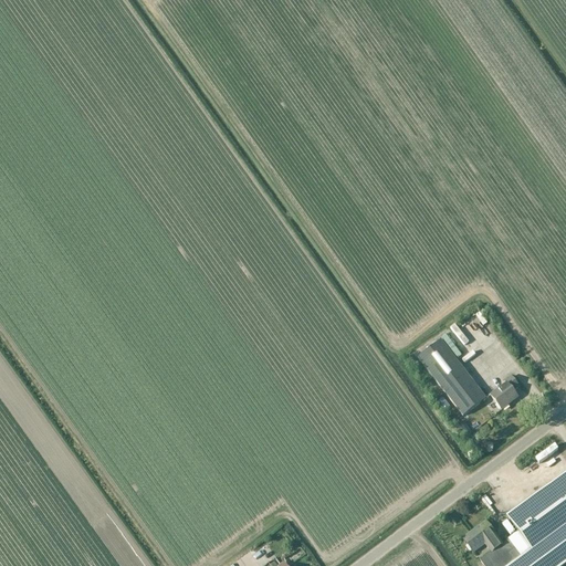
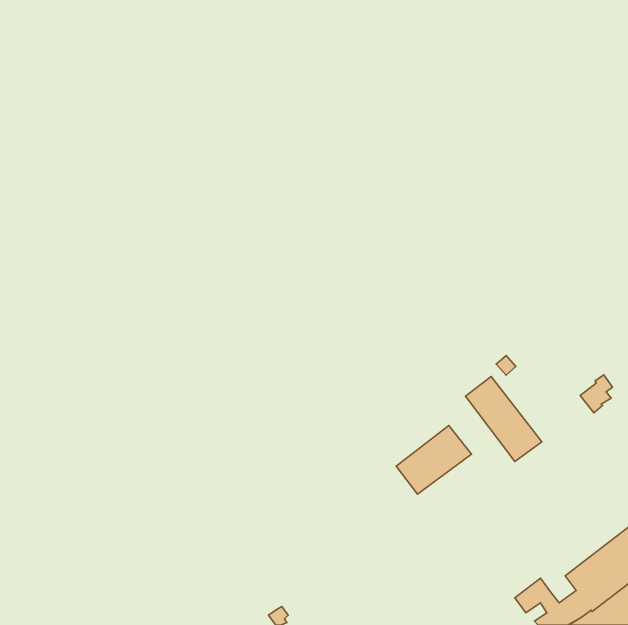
building: [491,374,520,408] -> [580,375,612,413]
building: none -> [396,426,471,494]

